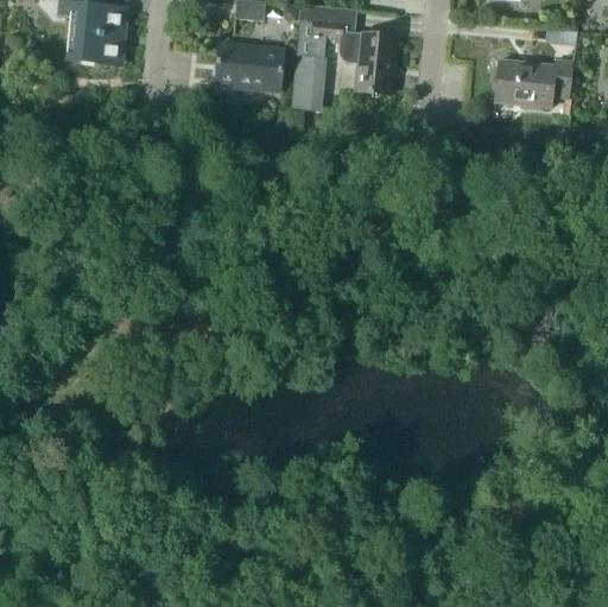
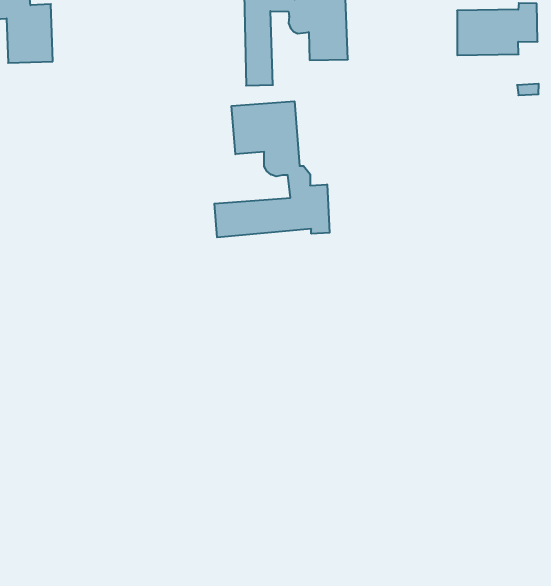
building: [216,44,283,90] -> none
building: none -> [214,101,330,237]

